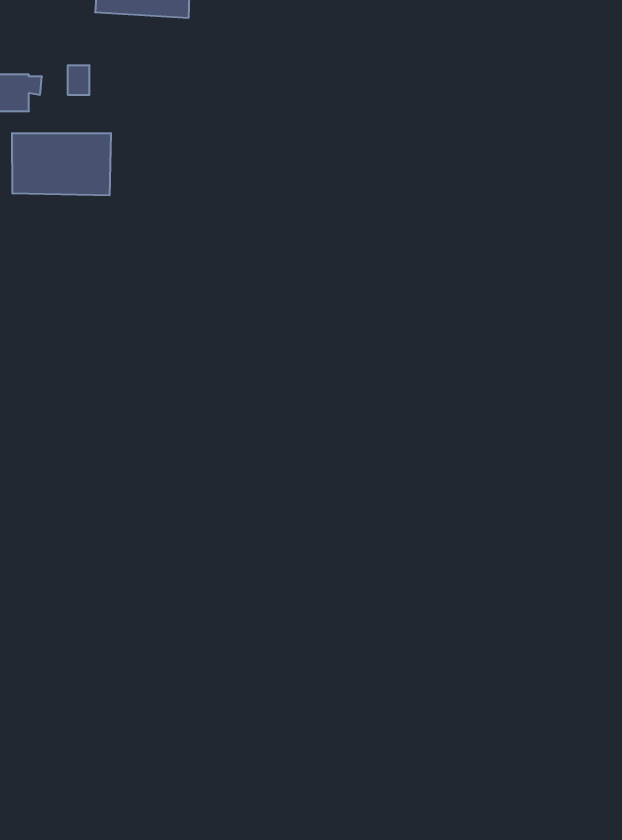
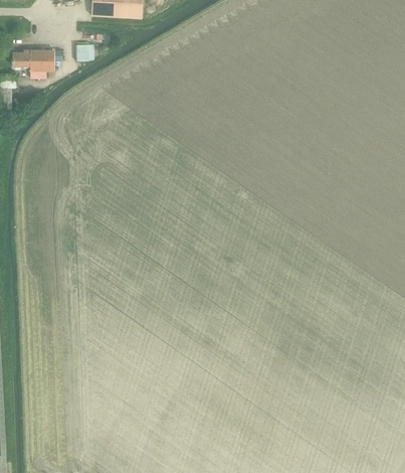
building: [12,133,111,195] -> none

